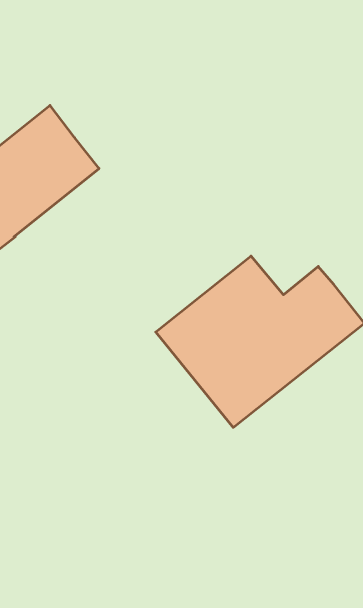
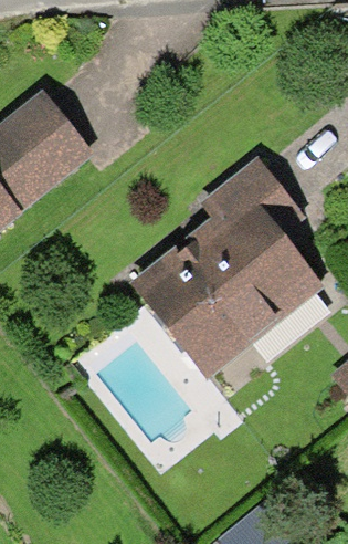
building: none -> [204,161,300,257]

